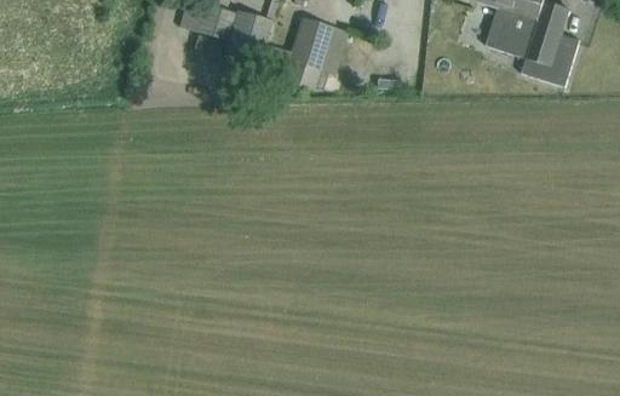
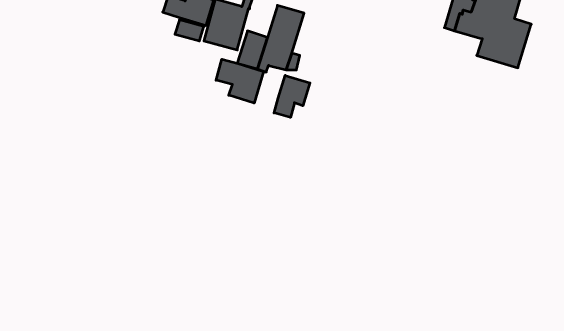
building: none -> [216,59,264,103]
building: none -> [274,75,310,117]

